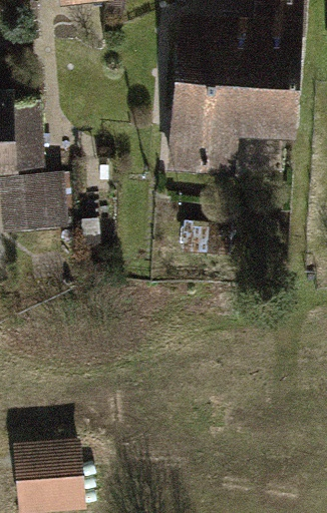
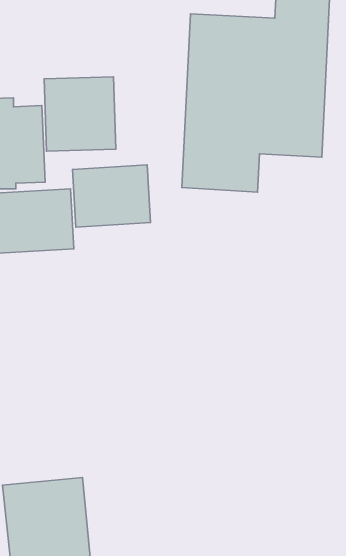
building: none -> [44,77,116,151]
building: none -> [73,165,151,227]

